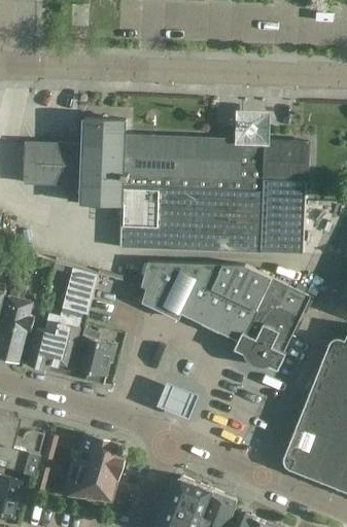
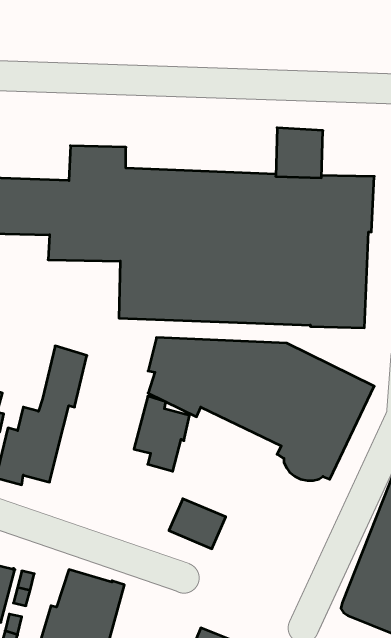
building: [74,329,115,385] -> [134,396,189,471]

